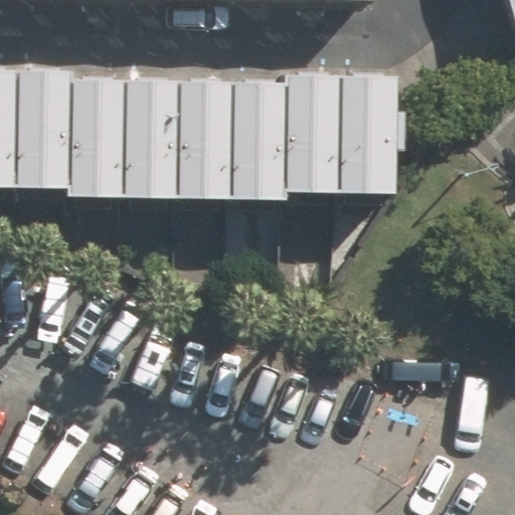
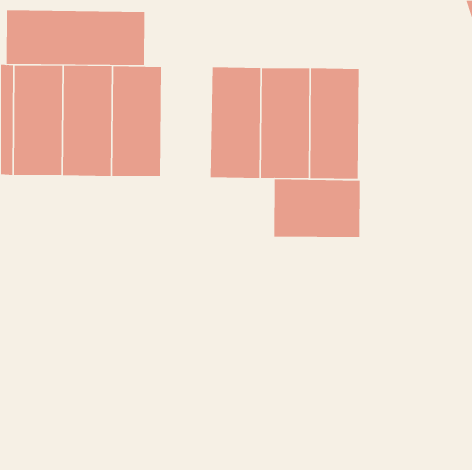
building: none -> [6,9,145,66]
building: [177,77,232,197] -> none
building: none -> [274,178,360,238]

